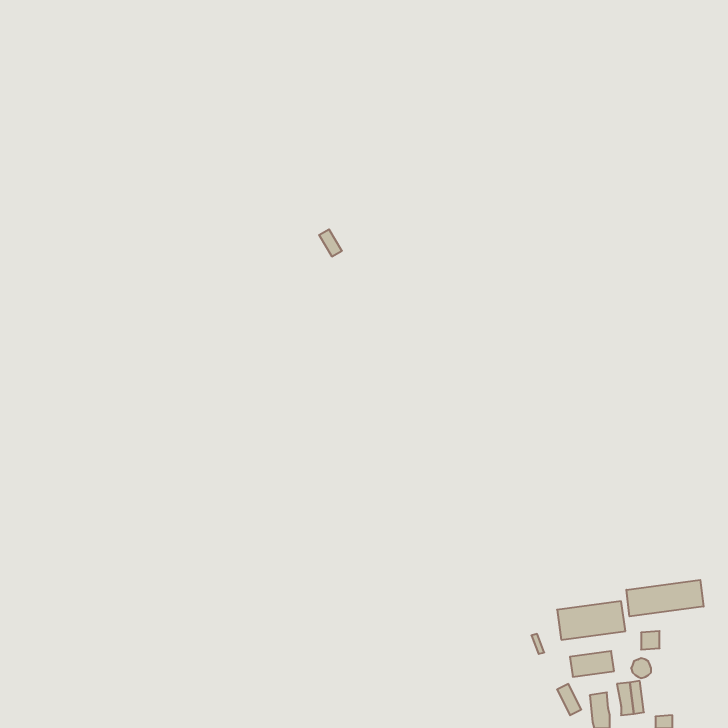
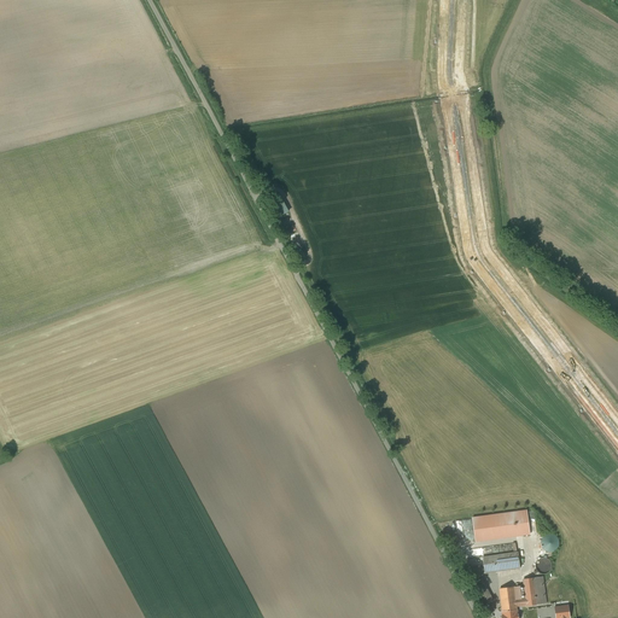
building: [626,580,704,616] -> none

